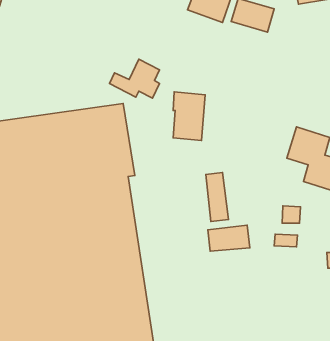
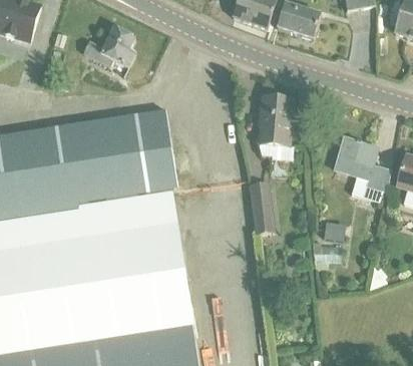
building: [110,59,159,98] -> [83,26,134,66]
building: [173,92,205,141] -> [260,95,293,145]
building: [208,225,250,251] -> none

